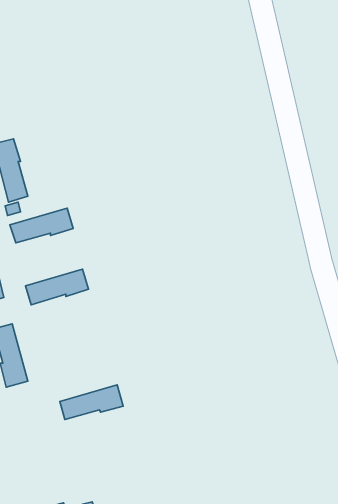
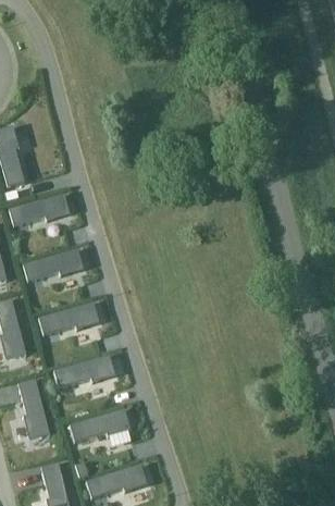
building: none -> [40,303,98,334]
building: none -> [18,379,49,436]
building: none -> [71,409,128,441]

